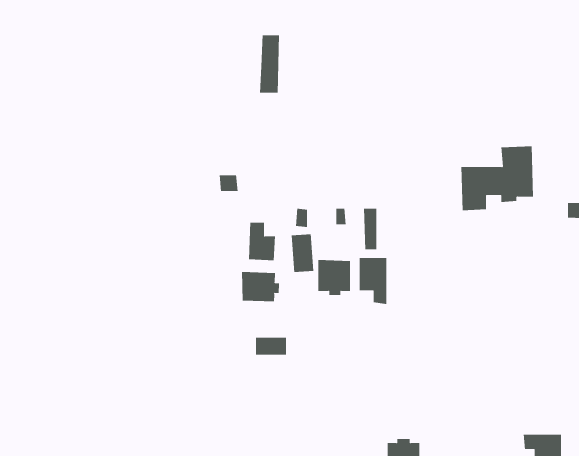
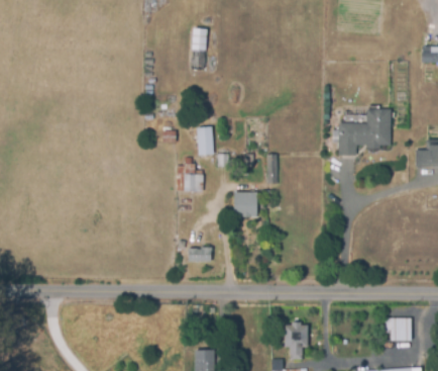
building: [291,234,314,273] -> [196,126,213,155]
building: [359,257,387,305] -> none
building: [242,271,280,302] -> none

